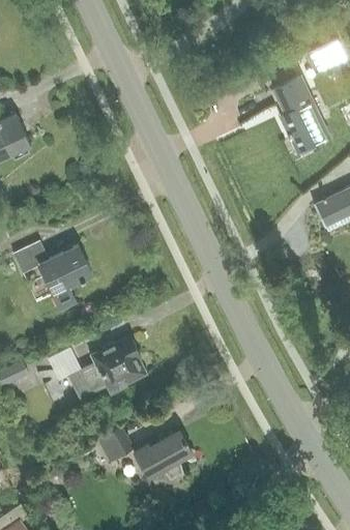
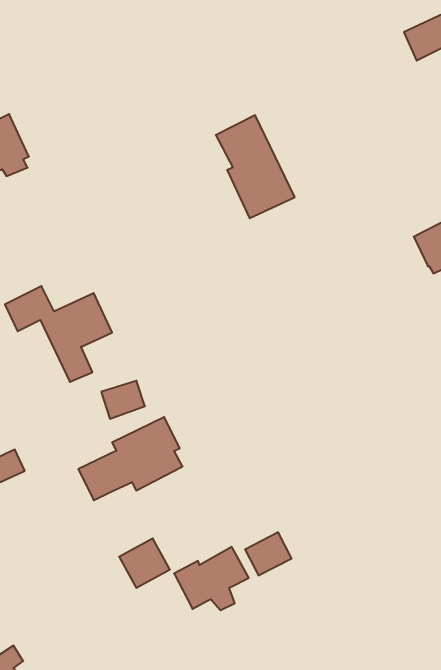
building: [270,77,328,152] -> [216,115,295,218]
building: [47,347,79,375] -> [101,381,145,419]
building: none -> [245,532,292,576]

